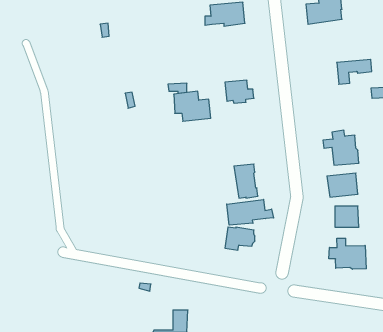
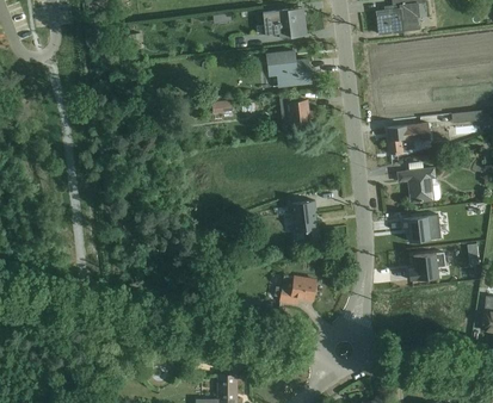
building: [337,59,372,84] -> [388,124,430,154]
building: [174,91,211,121] -> [266,50,310,86]
building: [227,199,274,225] -> none
building: [329,238,366,269] -> none

